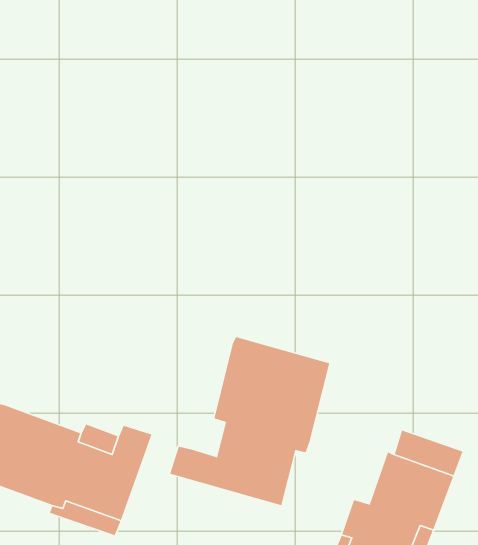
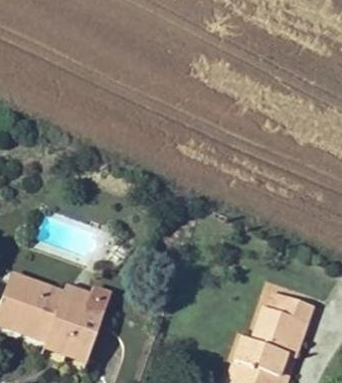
building: [169,336,330,506] -> none

